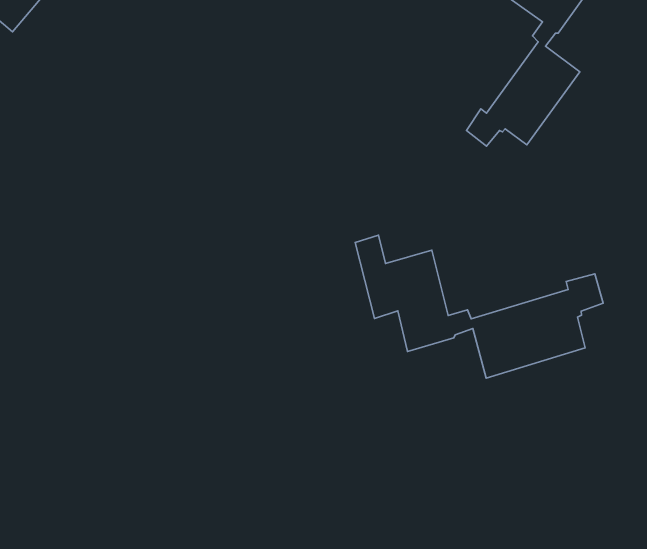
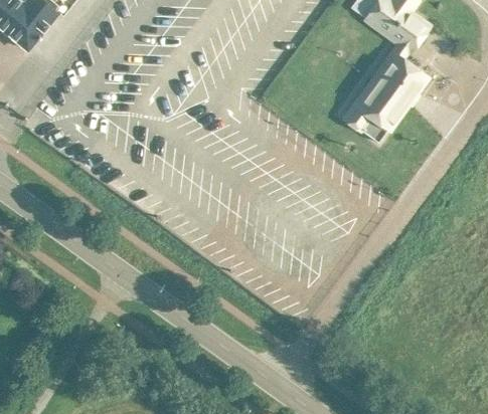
building: [355,235,603,378] -> none

